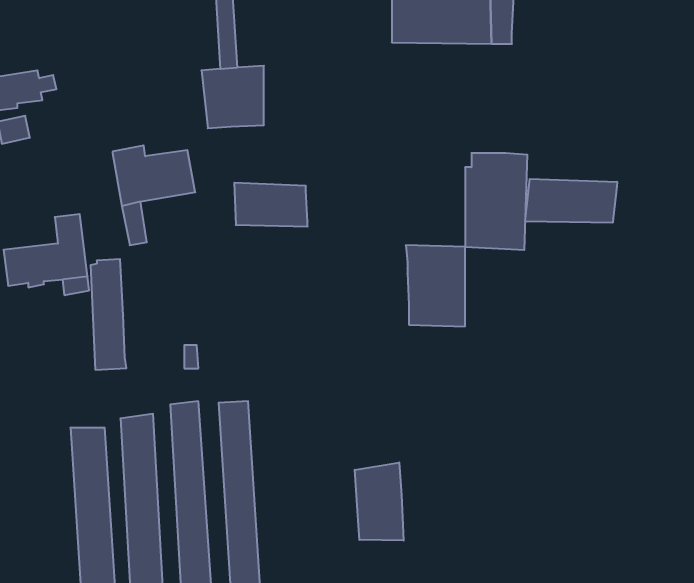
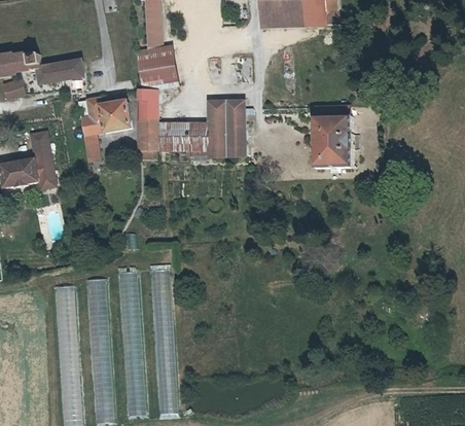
building: none -> [31,55,84,78]
building: [525,179,617,223] -> none
building: [406,245,465,326] -> [205,108,244,162]
building: [90,259,126,370] -> [137,84,160,157]
building: [355,462,404,541] -> none

